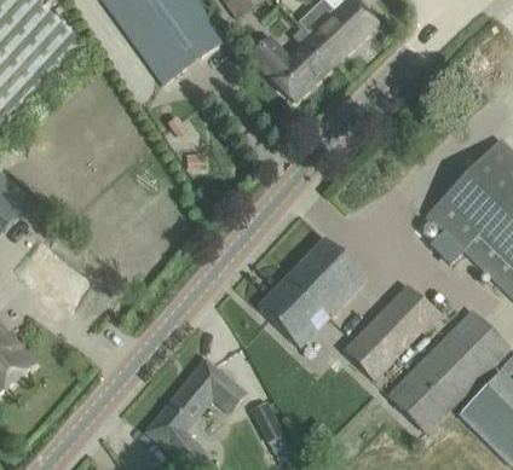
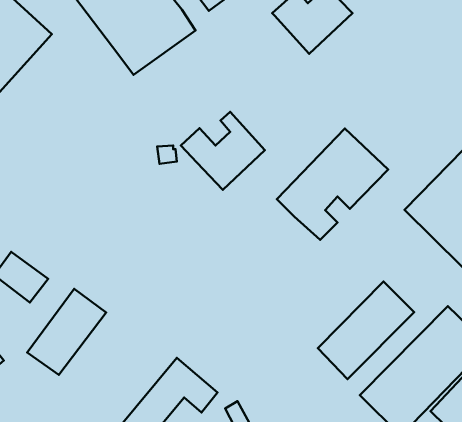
building: [252,24,334,100] -> [181,112,265,190]
building: [256,238,365,347] -> [277,129,388,240]
building: none -> [27,289,106,375]

